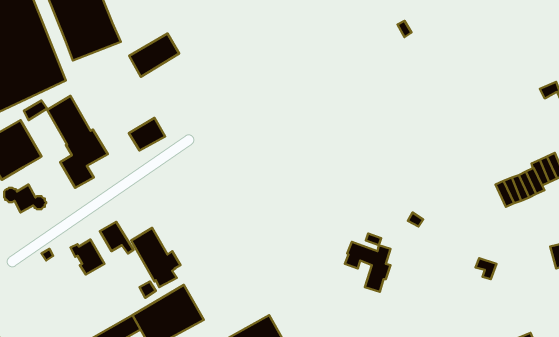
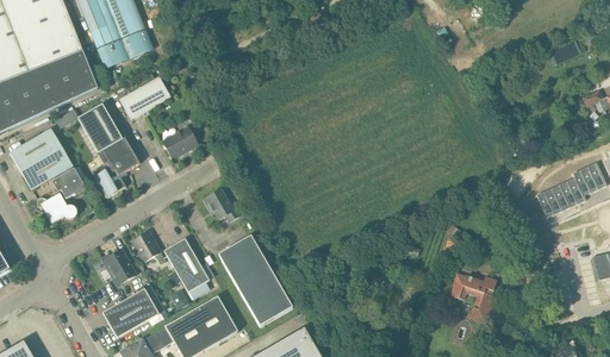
building: [129,33,179,77] -> [119,75,170,119]
building: none -> [51,165,86,198]
building: none -> [204,188,239,220]
building: none -> [217,234,292,325]
building: [345,242,390,292] -> [449,271,496,322]
building: none -> [101,288,158,337]

